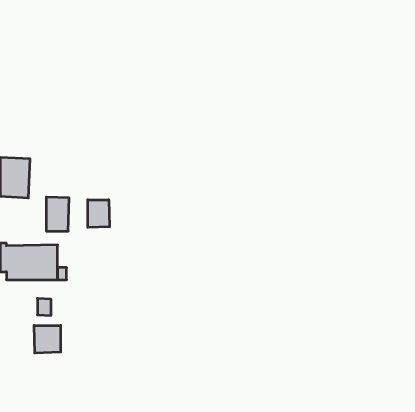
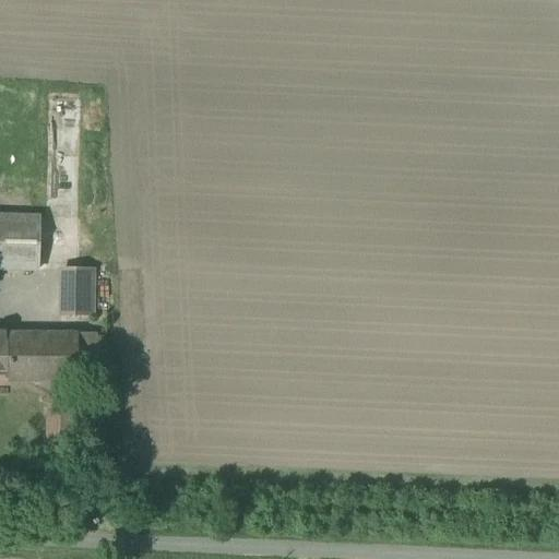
building: [88,200,110,227] -> none
building: [34,325,61,353] -> none

